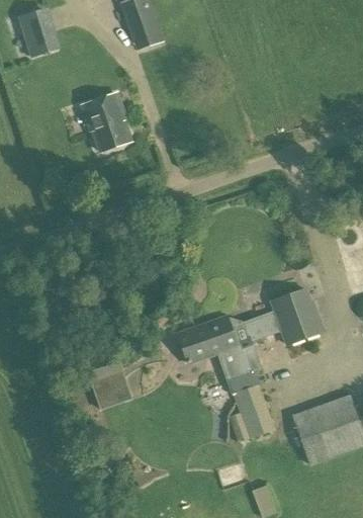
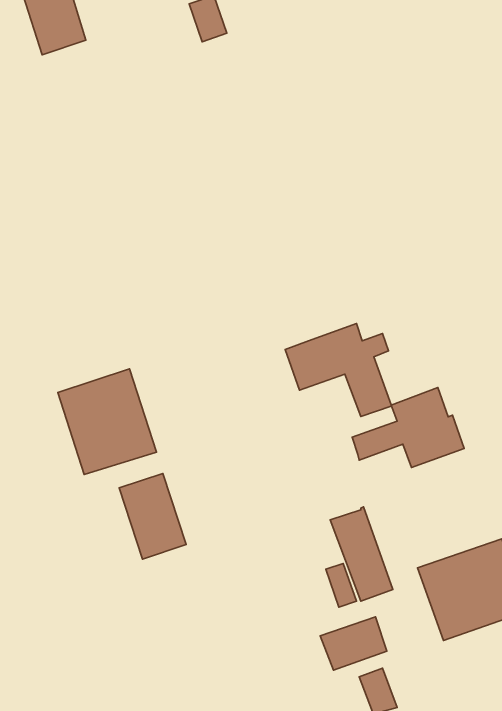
building: [83,92,130,152] -> none
building: none -> [58,369,157,475]
building: [178,316,252,380] -> [285,323,391,416]
building: none -> [320,617,387,670]

